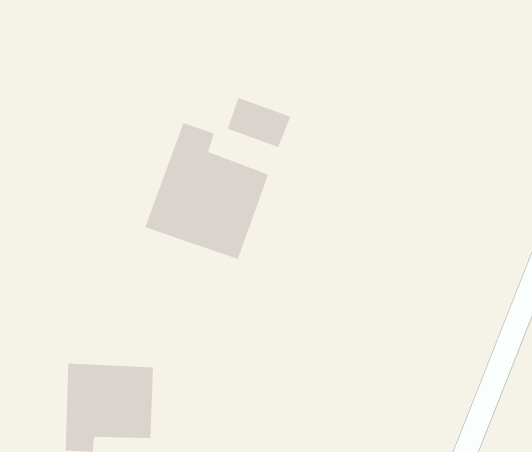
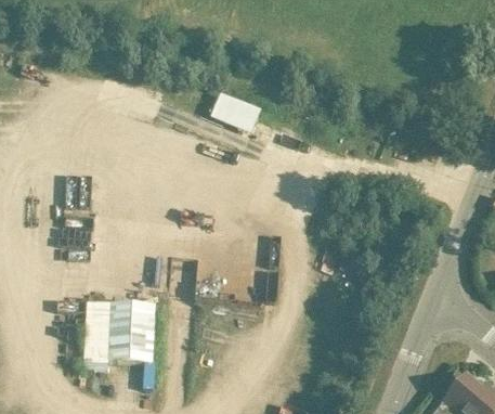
building: [145,122,269,260] -> none

